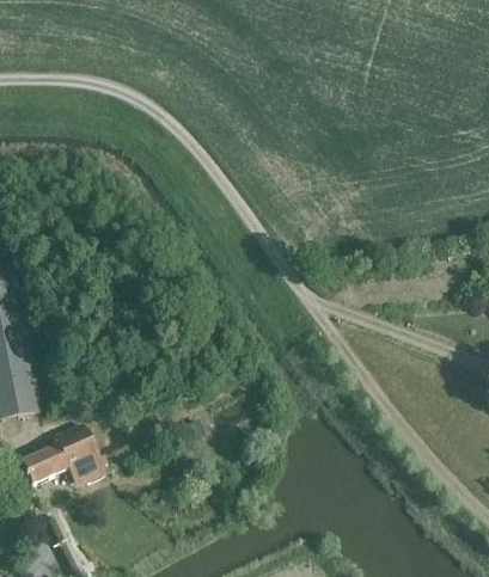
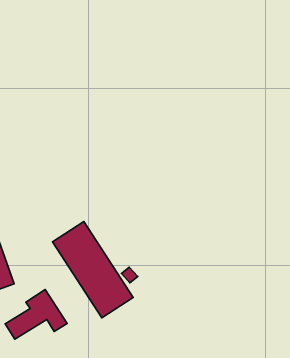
building: none -> [53,222,133,318]

